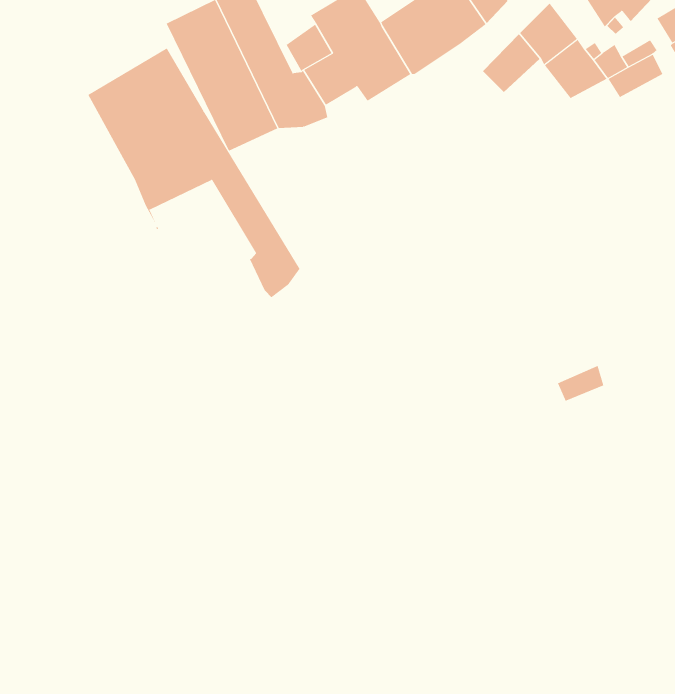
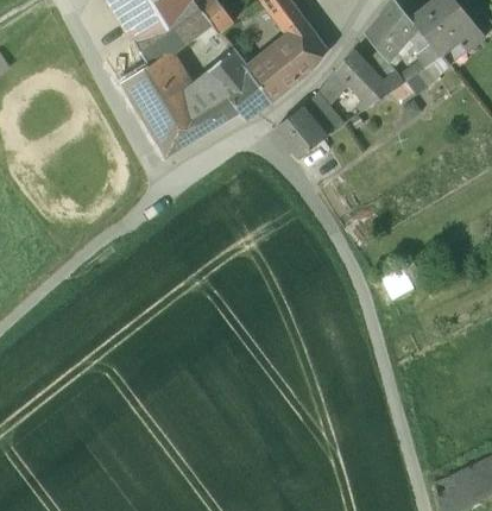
building: [88,47,300,298] -> none
building: none -> [273,101,324,156]

